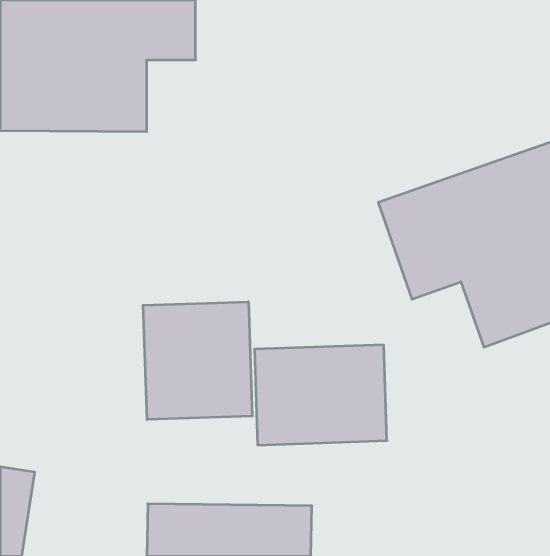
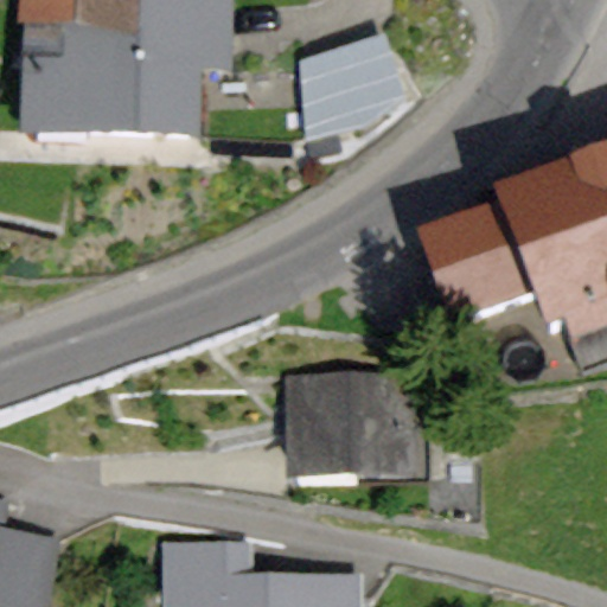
building: none -> [299,25,416,129]
building: [143,302,252,420] -> none

